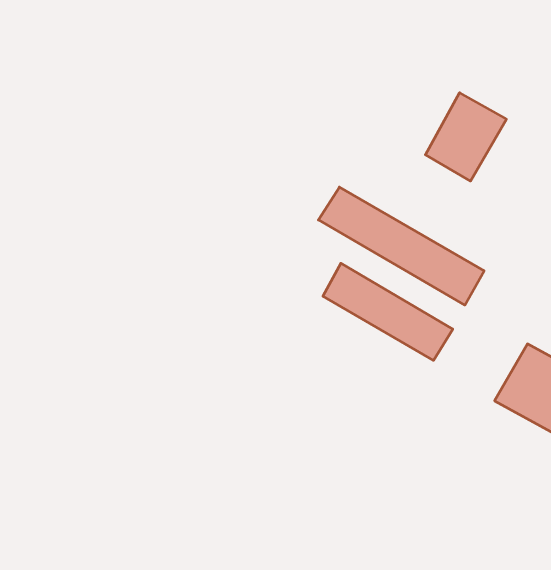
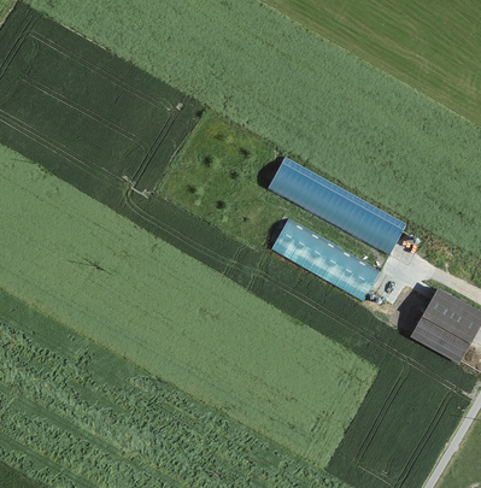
building: [425,93,506,181] -> none

